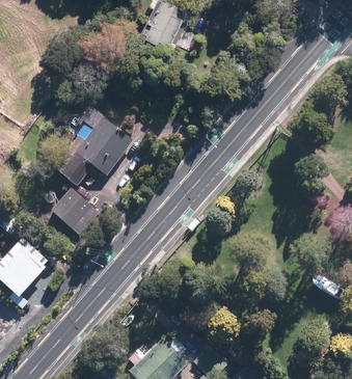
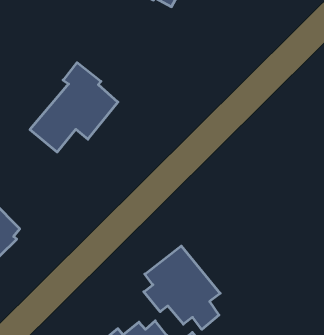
building: [53,188,103,237] -> none
building: none -> [144,246,220,329]

